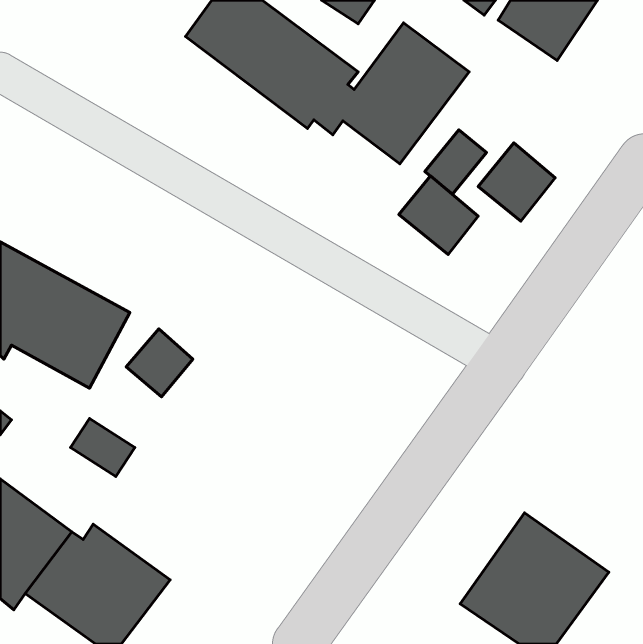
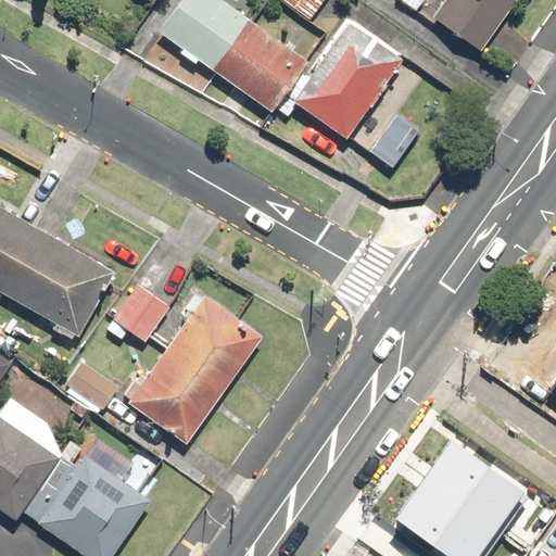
building: [478,143,555,221] -> none
building: [399,176,478,254] -> none
building: none -> [121,295,261,442]

